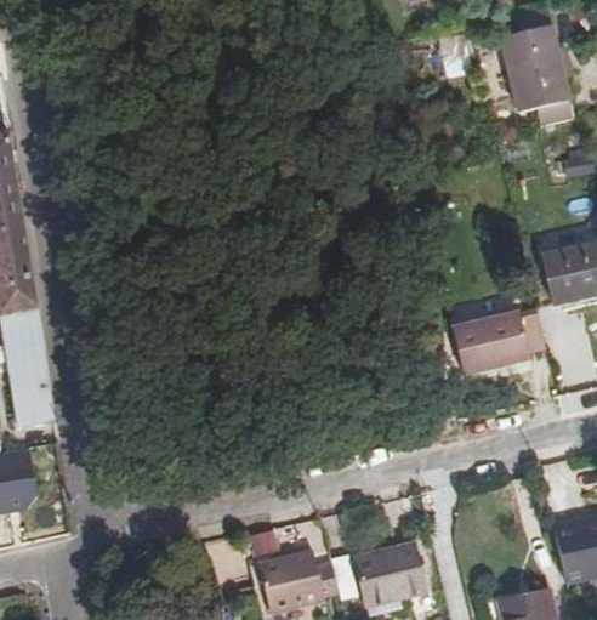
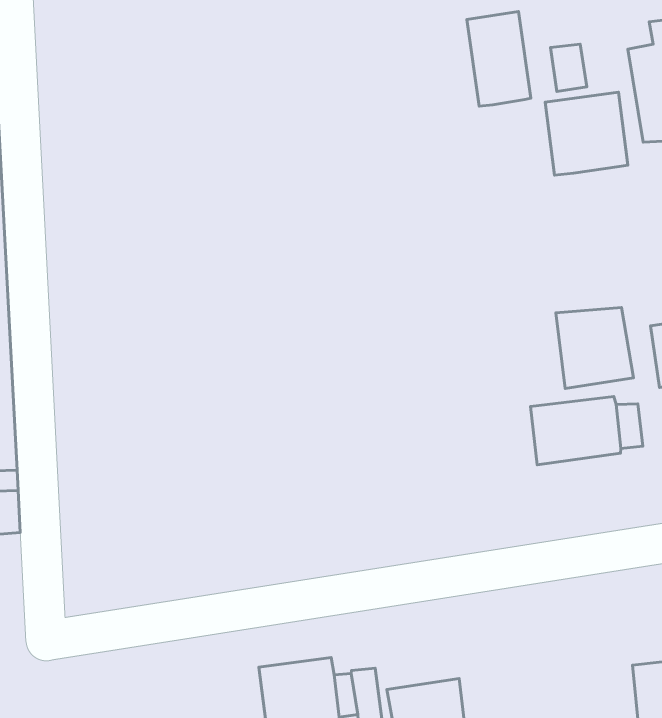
building: none -> [467,11,531,106]
building: none -> [545,92,628,175]
building: none -> [556,308,633,389]

